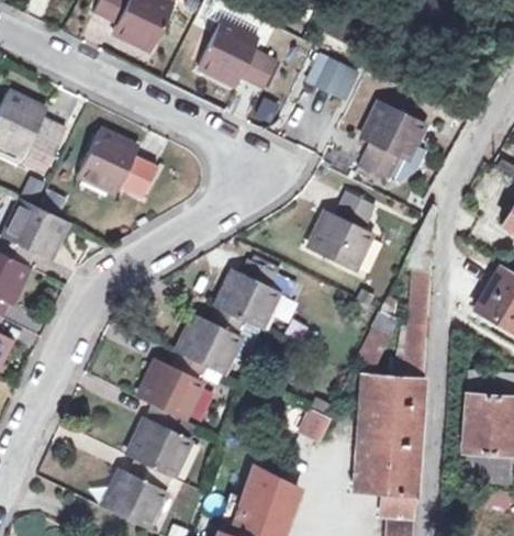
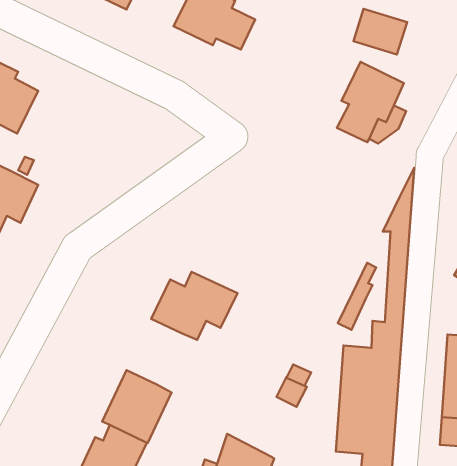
building: [305,53,358,98] -> [353,9,407,55]
building: [78,130,158,196] -> none
building: [310,191,376,271] -> none
building: [216,260,295,328] -> none
building: [138,354,206,418] -> none

